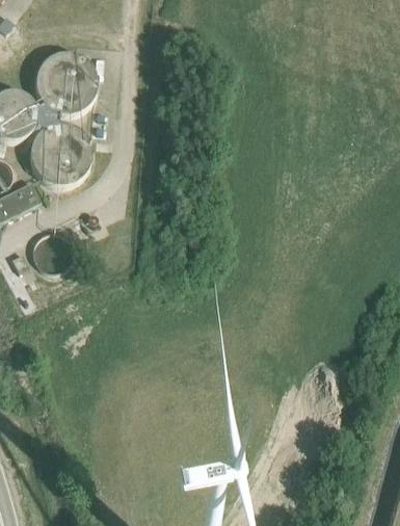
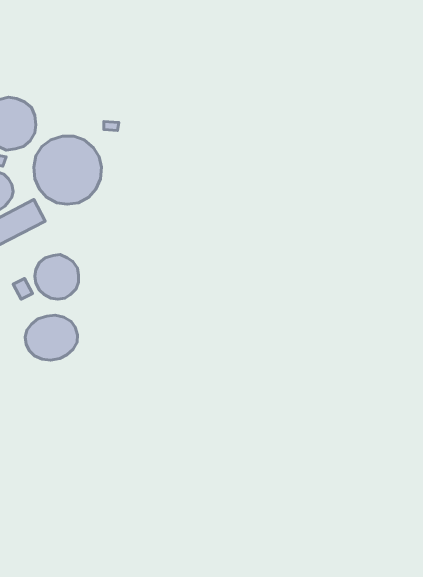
building: [35,50,97,112] -> none
building: none -> [25,315,77,360]

